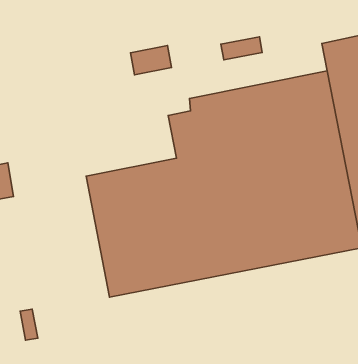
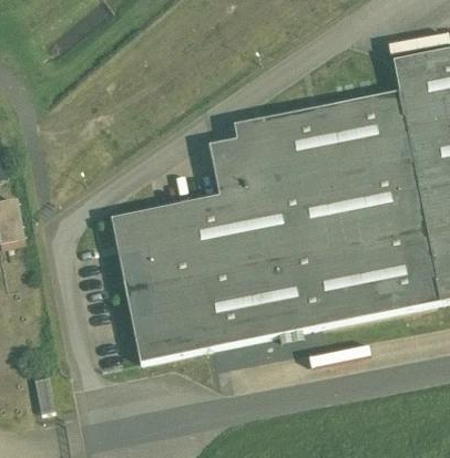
building: [221,37,262,60] -> none
building: [131,46,172,75] -> none

